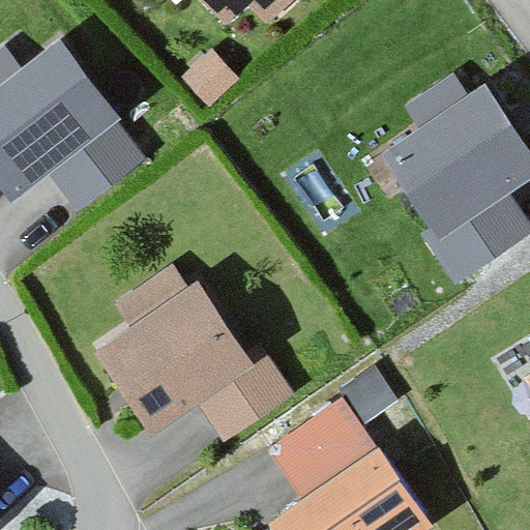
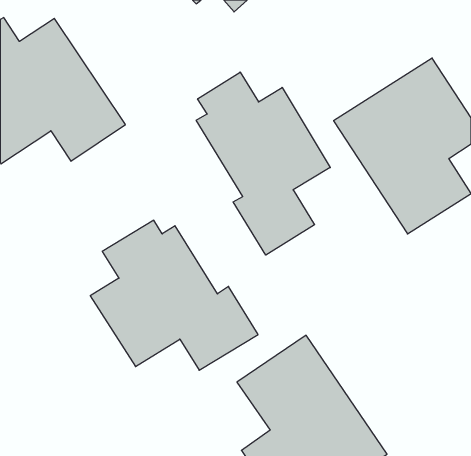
building: none -> [196,72,330,255]

